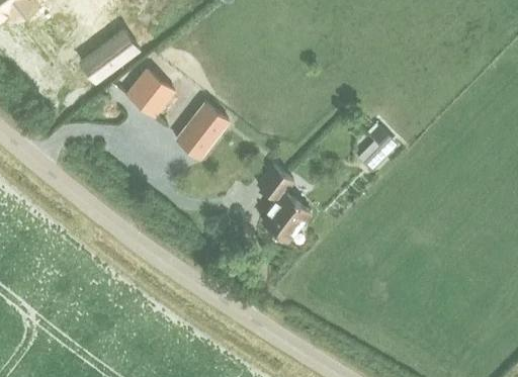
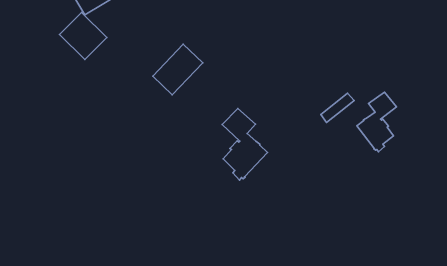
building: [123,67,175,117] -> [60,13,107,59]
building: none -> [357,92,396,152]

